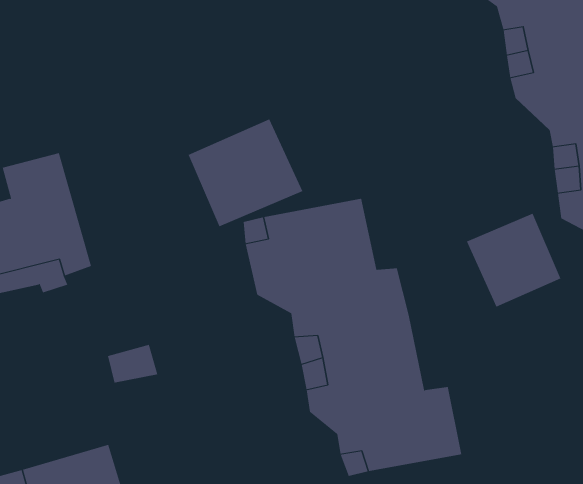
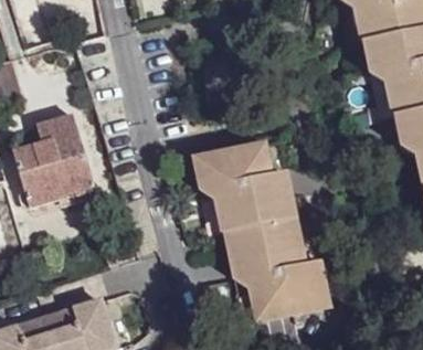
building: [188,119,303,227] -> none
building: [466,213,561,307] -> none

